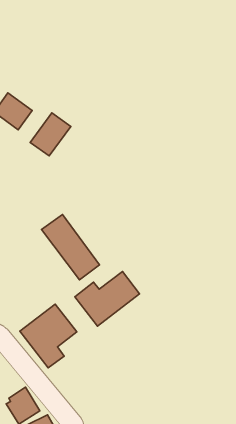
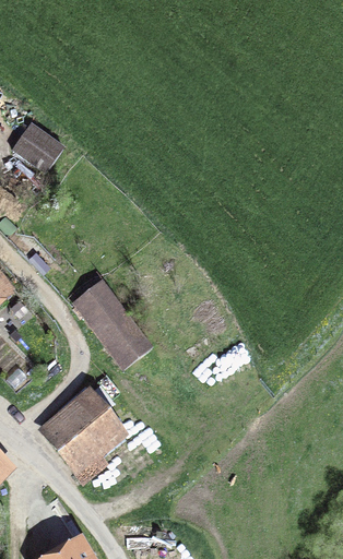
building: [30,113,71,156] -> none
building: [75,271,139,326] -> none

